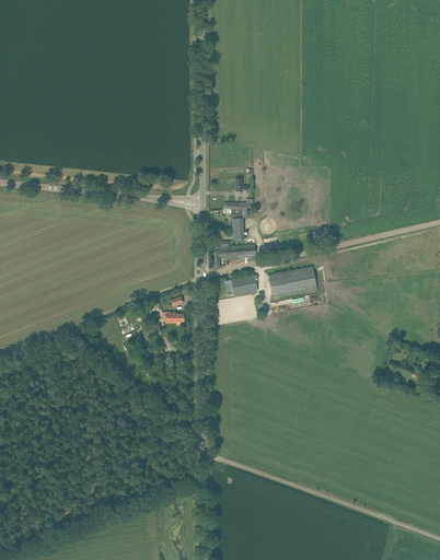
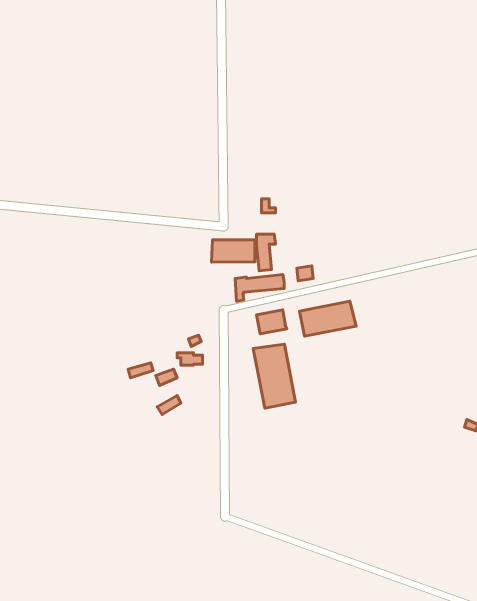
building: none -> [211,240,255,262]
building: none -> [253,344,296,408]

